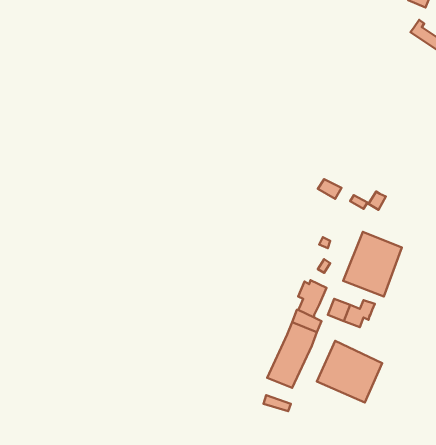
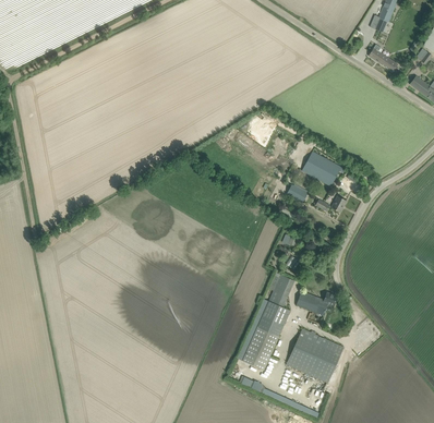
building: none -> [301,152,343,186]
building: [343,232,402,297] -> none

